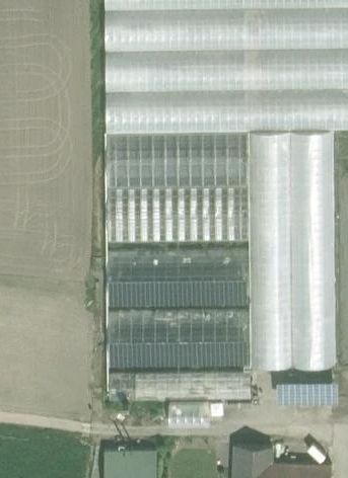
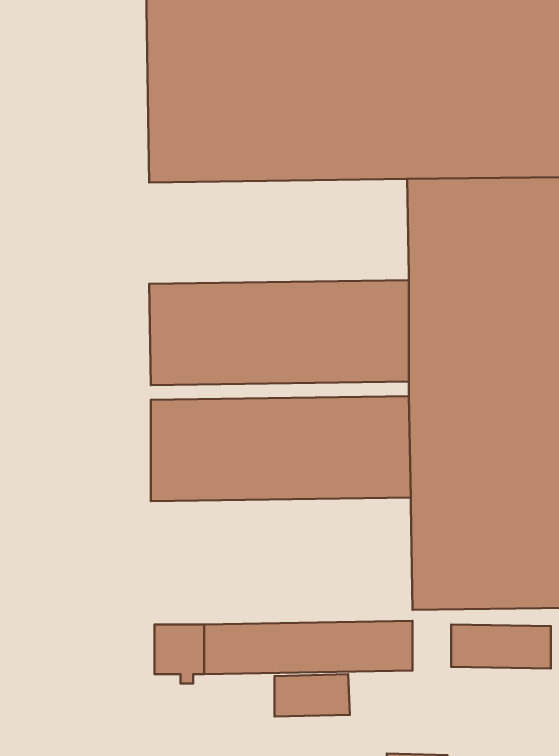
building: [107,130,250,183] -> none
building: [109,309,252,369] -> none

